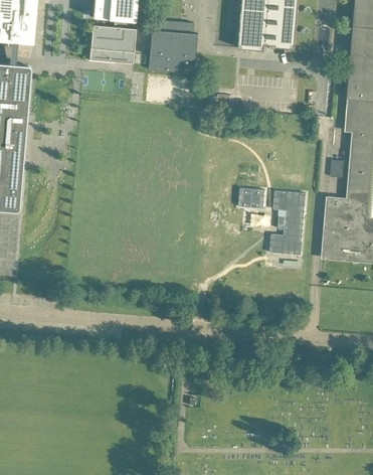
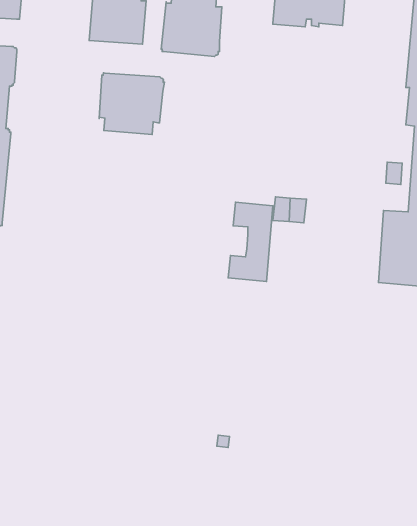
building: none -> [99,73,164,134]
building: [268,190,305,255] -> [228,202,273,282]

